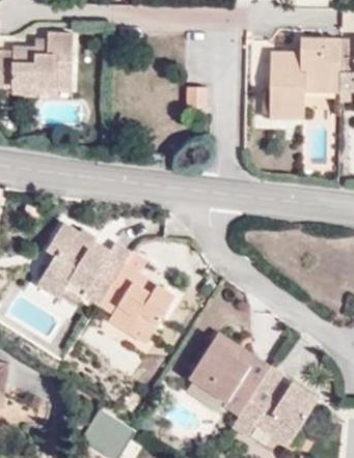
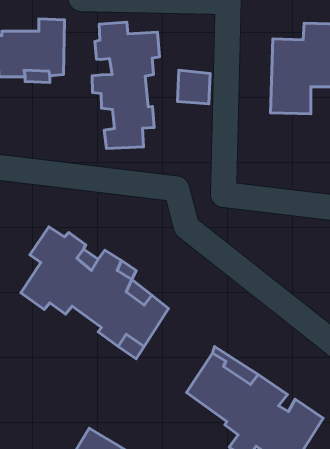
building: none -> [92,22,159,148]

